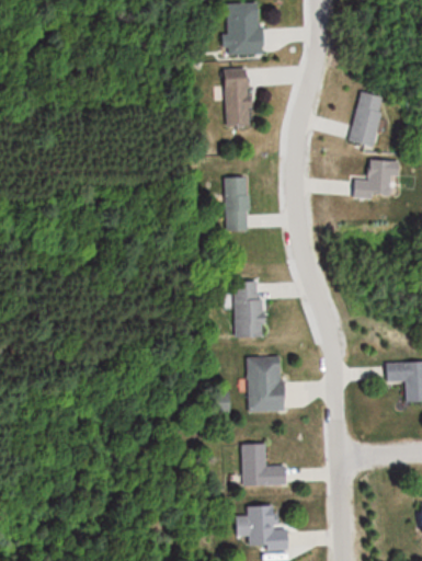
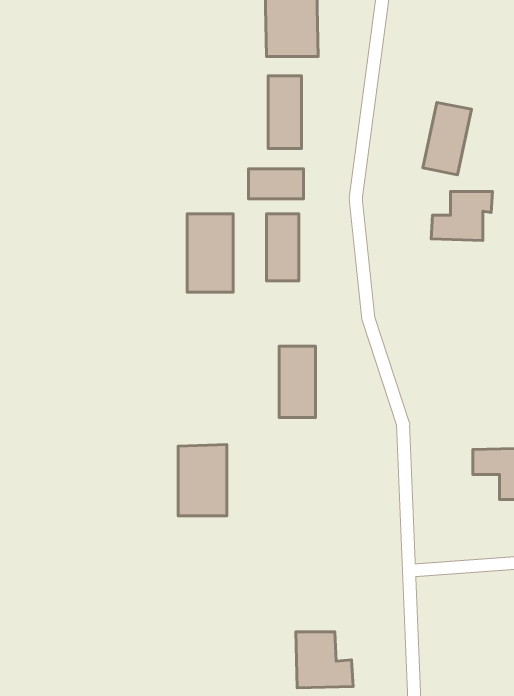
building: none -> [248,169,304,199]
building: none -> [187,214,233,292]
building: [246,356,284,412] -> [178,445,227,516]
building: [241,445,286,486] -> none

